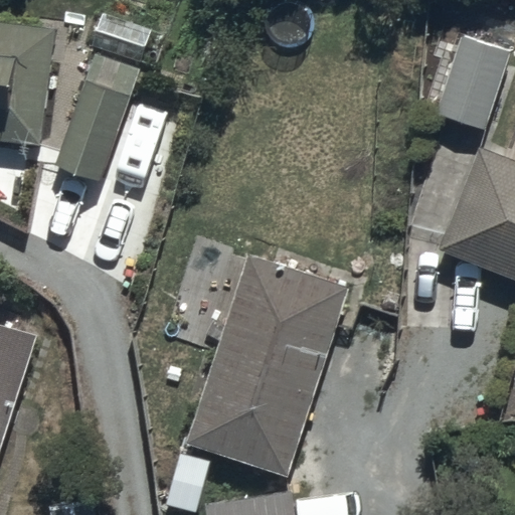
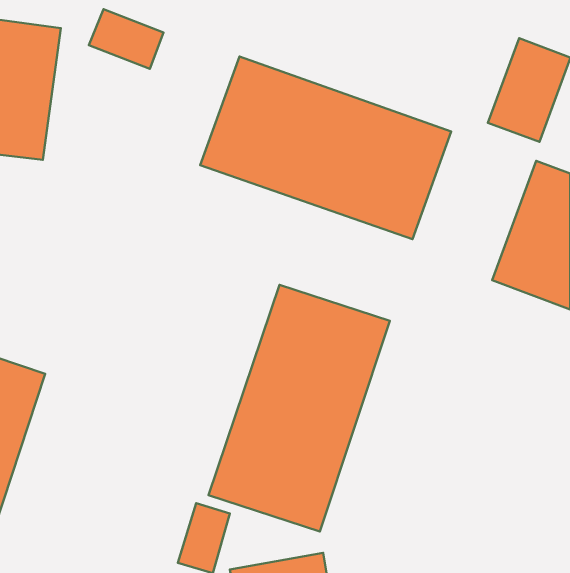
building: none -> [200,57,451,239]
building: [54,55,181,197] -> none

